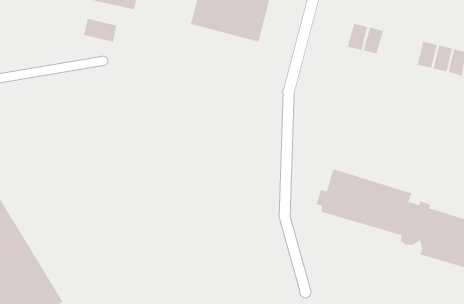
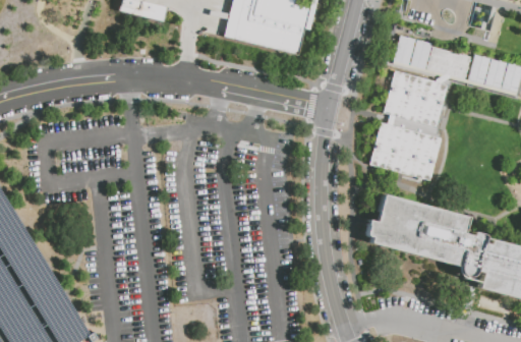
building: [84,18,117,43] -> none
building: none -> [426,47,470,79]
building: none -> [384,71,448,127]
building: none -> [370,122,442,181]

